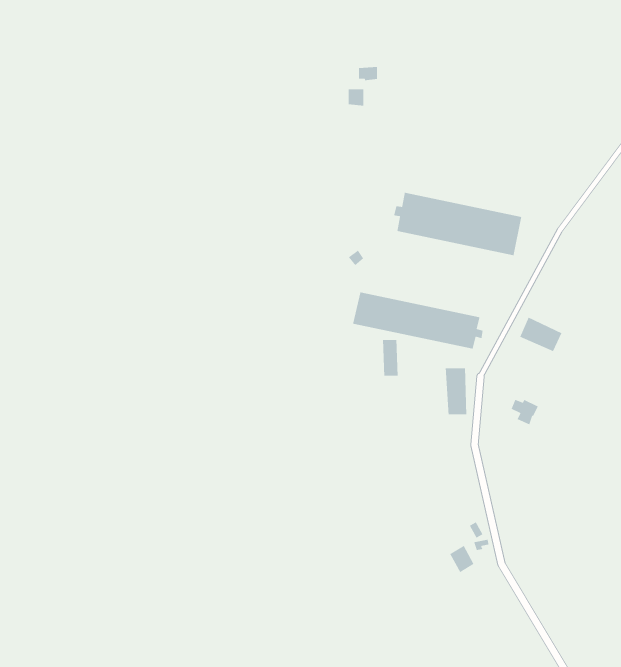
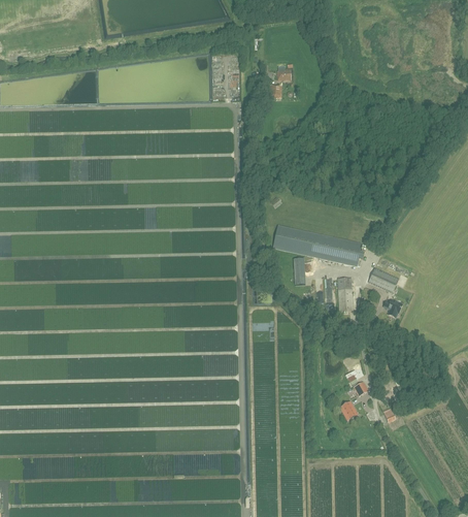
building: [393,192,522,256] -> none
building: [519,316,563,352] -> [369,267,399,292]

